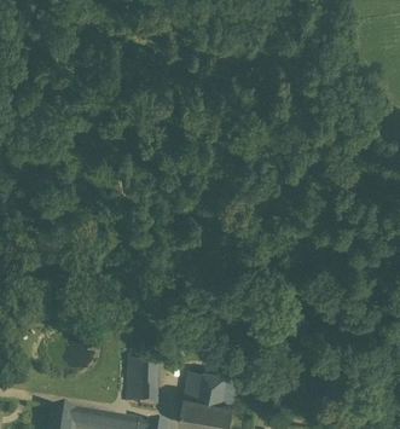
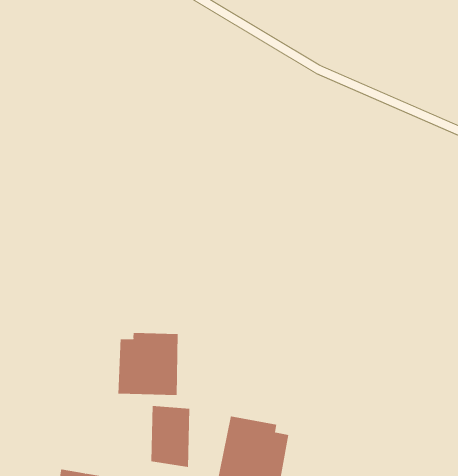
building: none -> [118,332,178,396]

